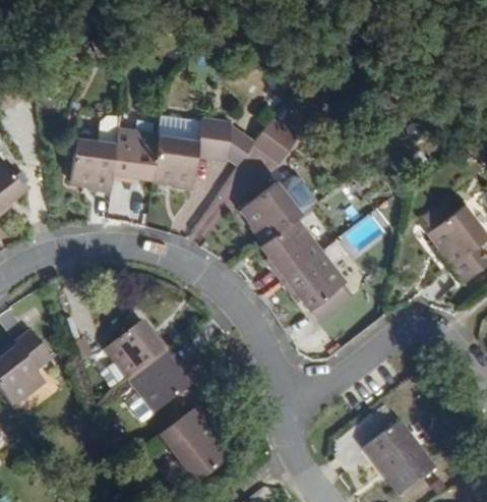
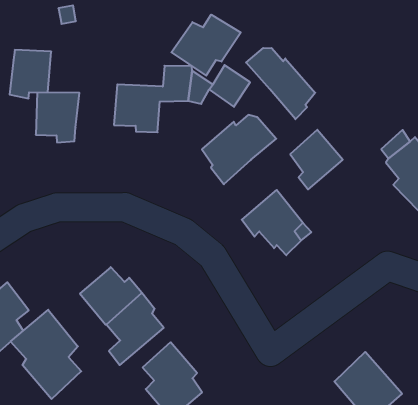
building: none -> [171,15,241,76]
building: none -> [246,48,315,119]
building: [112,128,158,179] -> [10,50,51,98]
building: [261,219,315,280] -> [290,130,343,189]
building: none -> [11,310,81,399]

